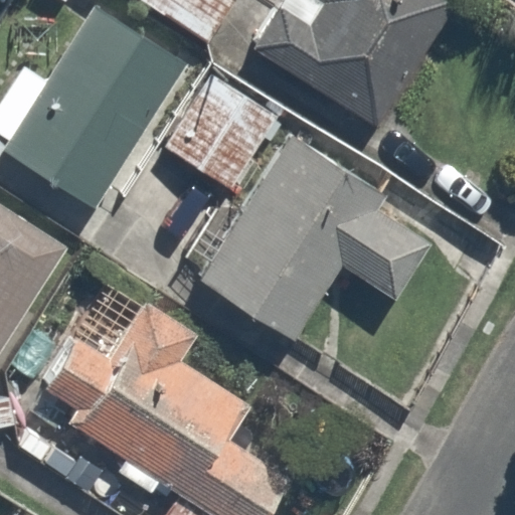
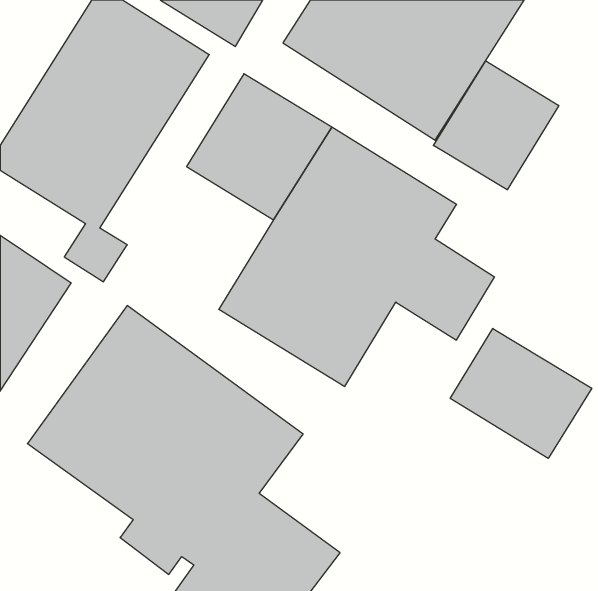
building: none -> [433,61,559,190]
building: none -> [450,328,592,458]

